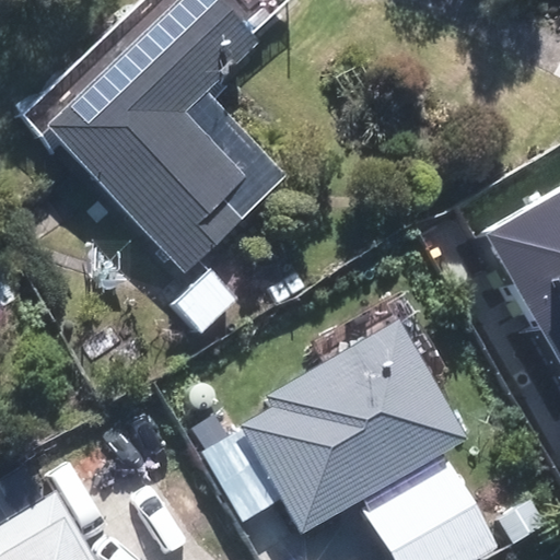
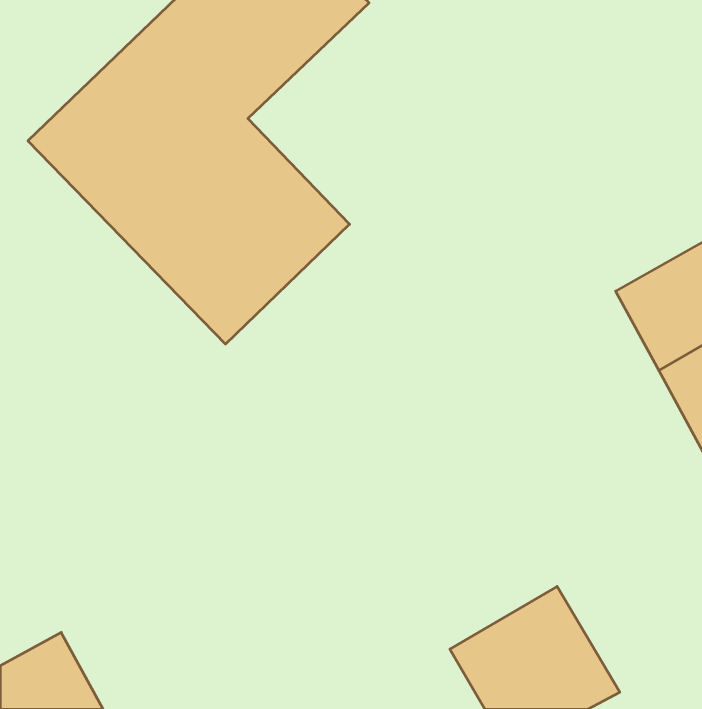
building: [236,325,458,532] -> none

